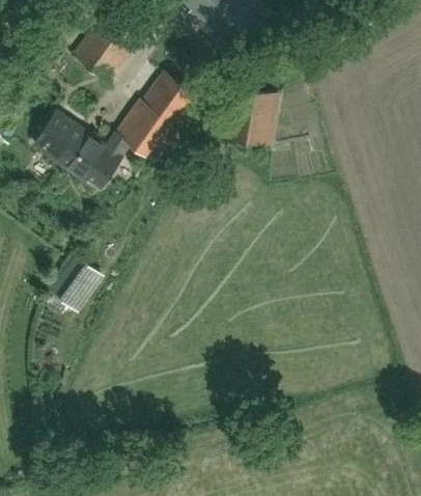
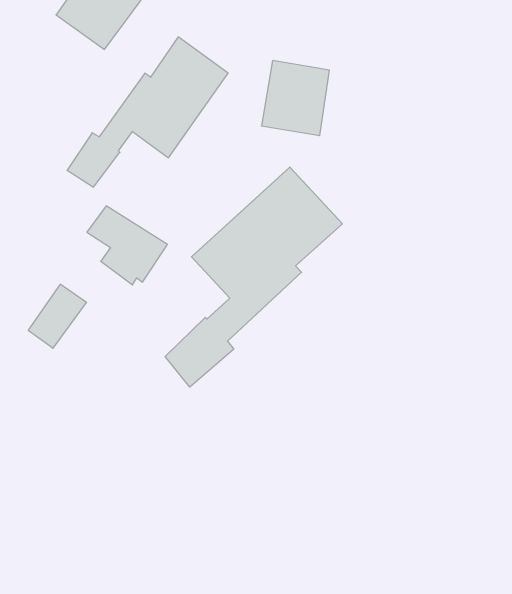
building: [39,115,100,174] -> [87,206,167,285]
building: none -> [165,167,342,387]

